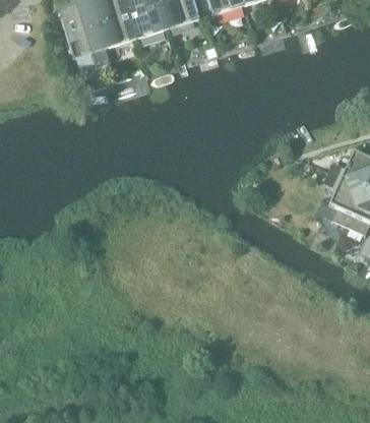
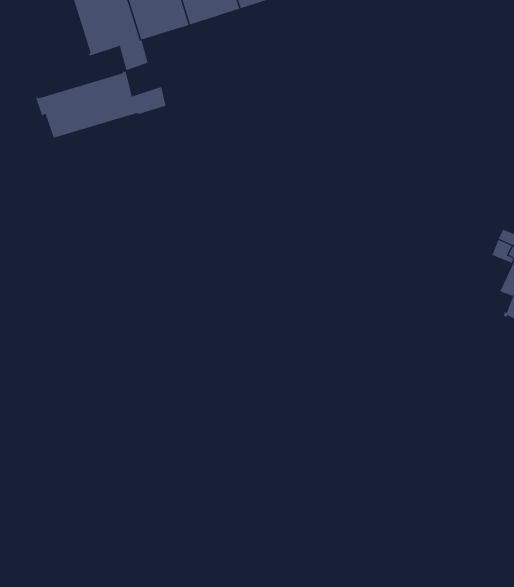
building: none -> [36,71,166,139]

